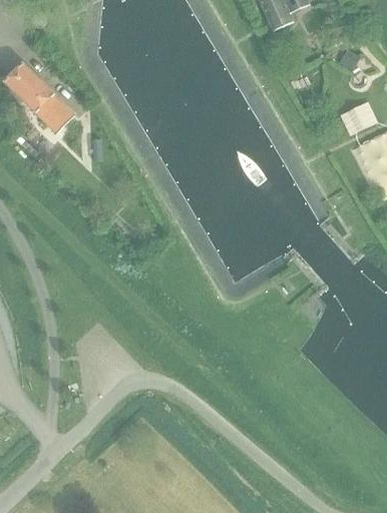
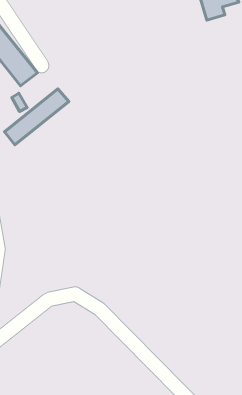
building: none -> [4,89,69,145]

